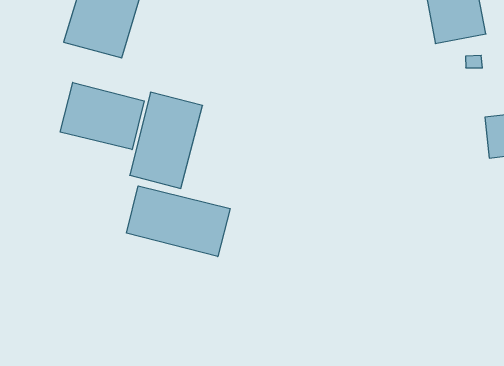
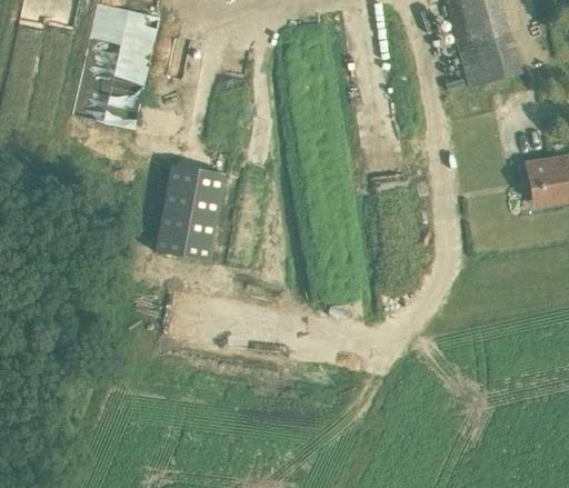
building: [60,82,144,150] -> none
building: [127,186,230,257] -> none

